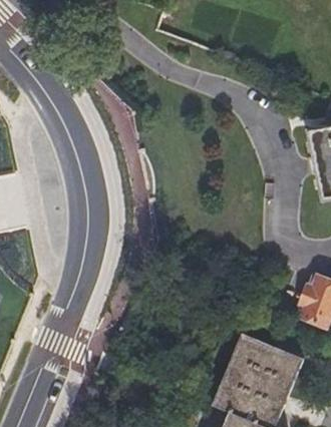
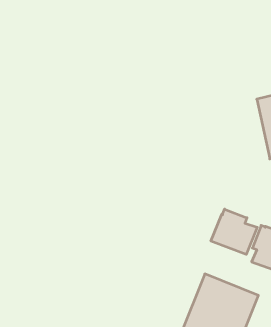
building: none -> [211,209,257,254]

